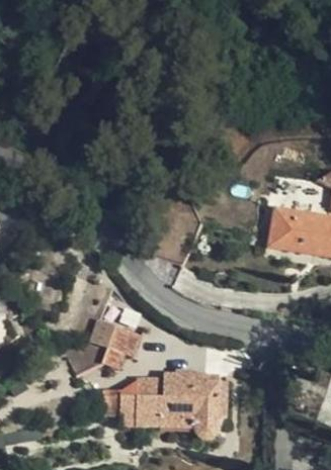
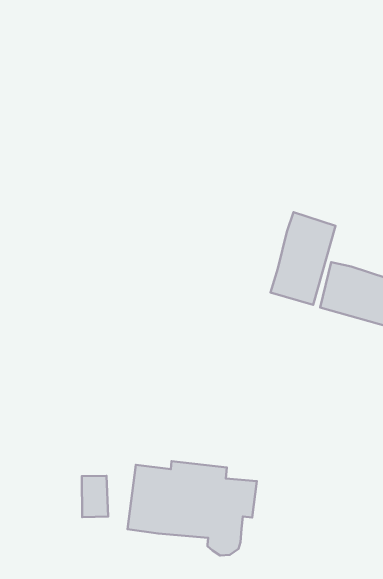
building: none -> [271,212,335,305]
building: [65,316,143,374] -> none

